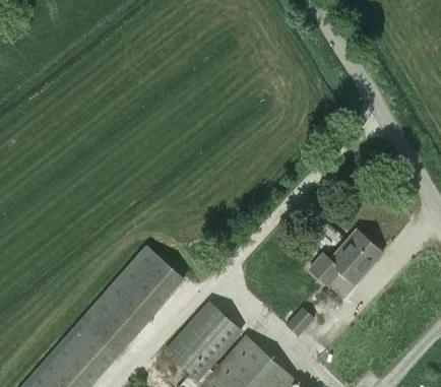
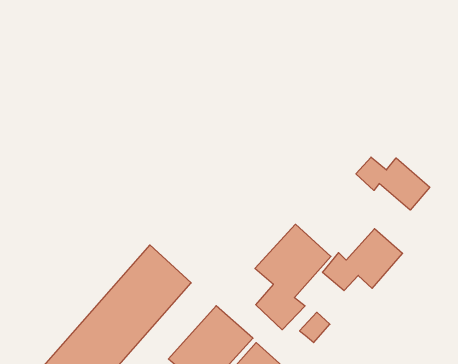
building: none -> [356,157,430,210]
building: none -> [255,224,331,330]

